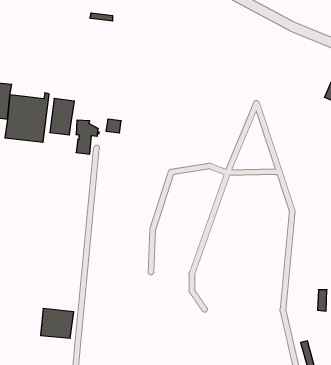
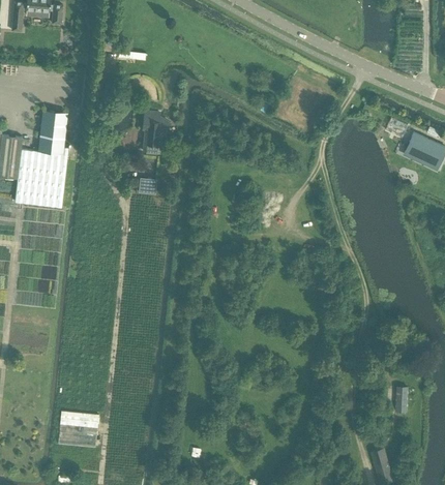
building: [50,98,74,135] -> [38,111,68,155]
building: [76,120,99,154] -> [143,112,171,153]

